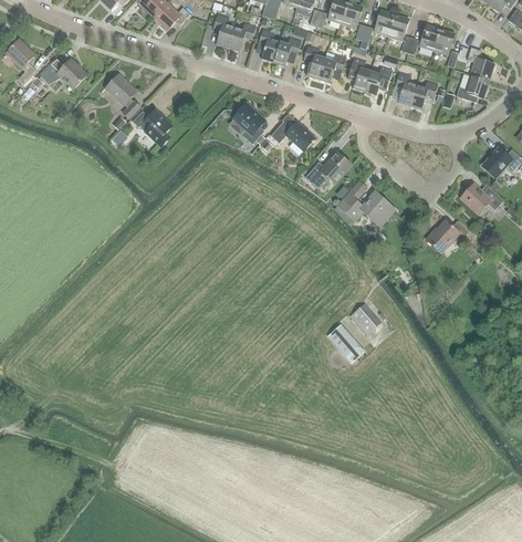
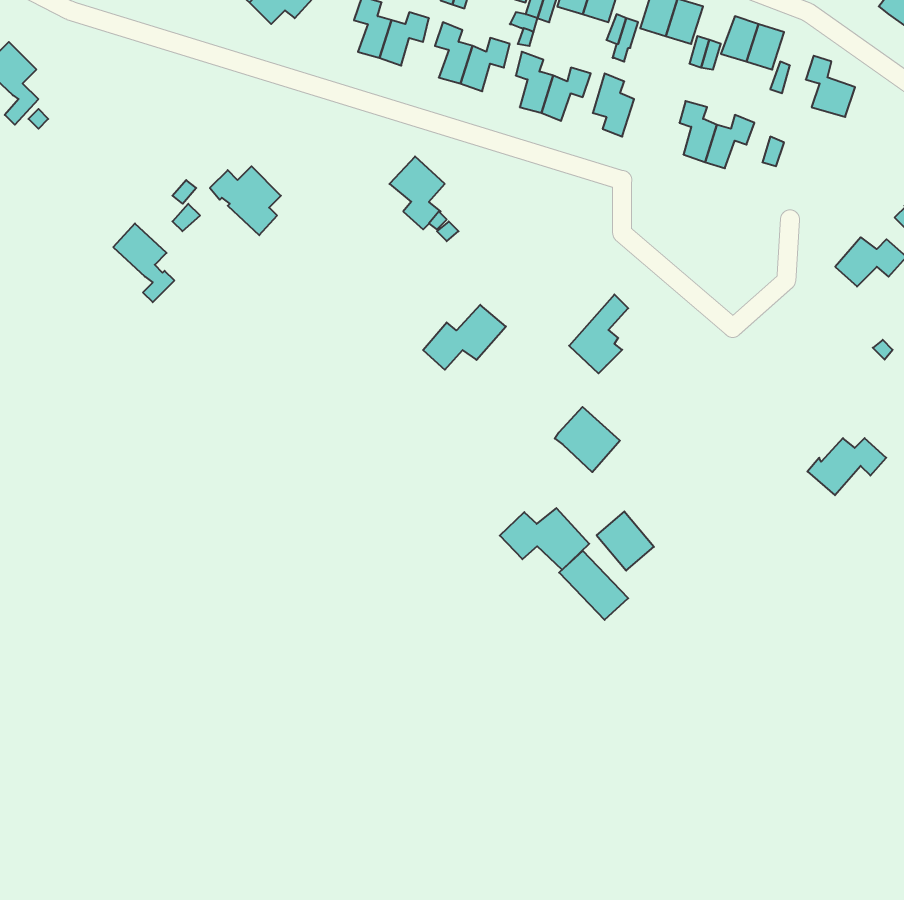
building: [40,58,86,87] -> none
building: [363,64,392,94] -> none
building: [105,73,139,117] -> [113,223,174,302]
building: [456,74,488,101] -> none
building: [270,119,314,149] -> none
building: [304,150,351,187] -> [423,305,506,370]
building: [460,183,502,212] -> none
building: [358,189,395,226] -> [555,407,620,472]
building: [425,219,469,251] -> [807,438,886,495]
building: none -> [500,508,589,570]

